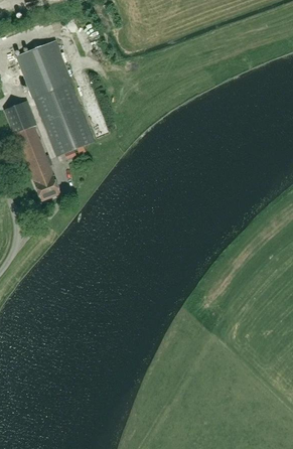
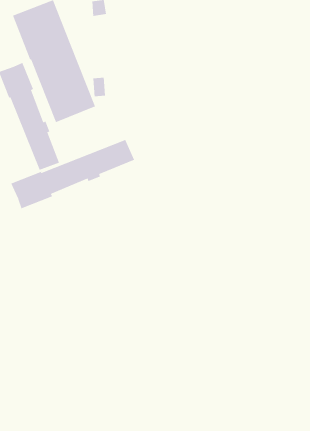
building: none -> [11,139,135,209]

